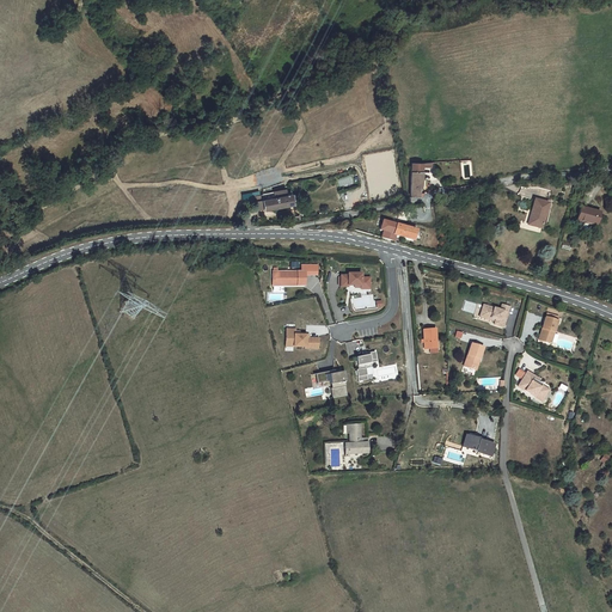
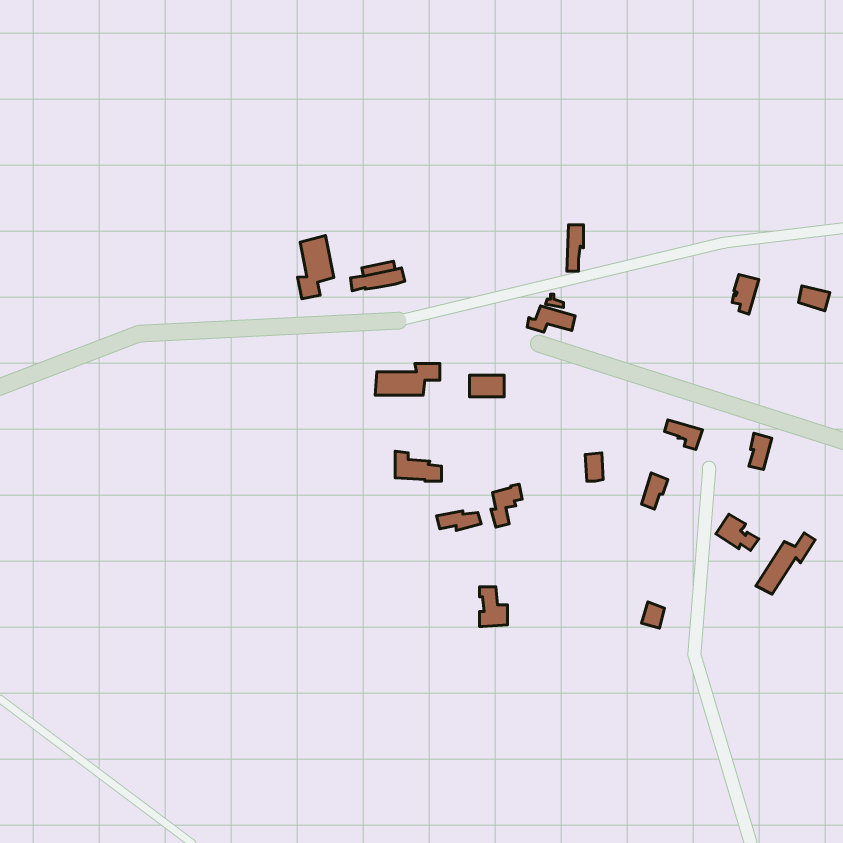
building: none -> [298,236,334,299]
building: none -> [756,533,815,594]

